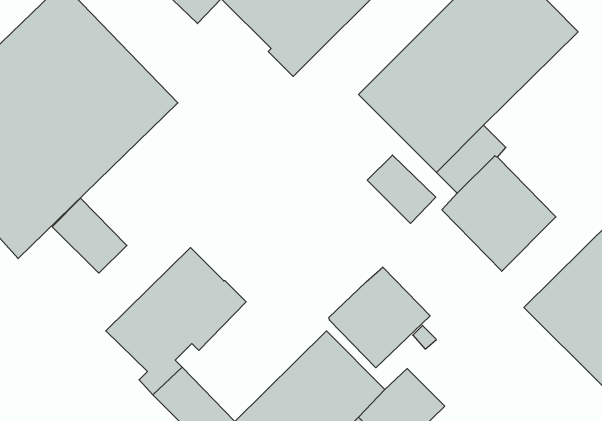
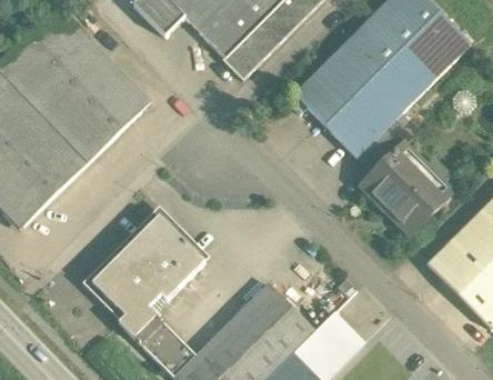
building: [367,155,436,223] -> none
building: [52,198,127,273] -> none
building: [329,267,430,368] -> none

